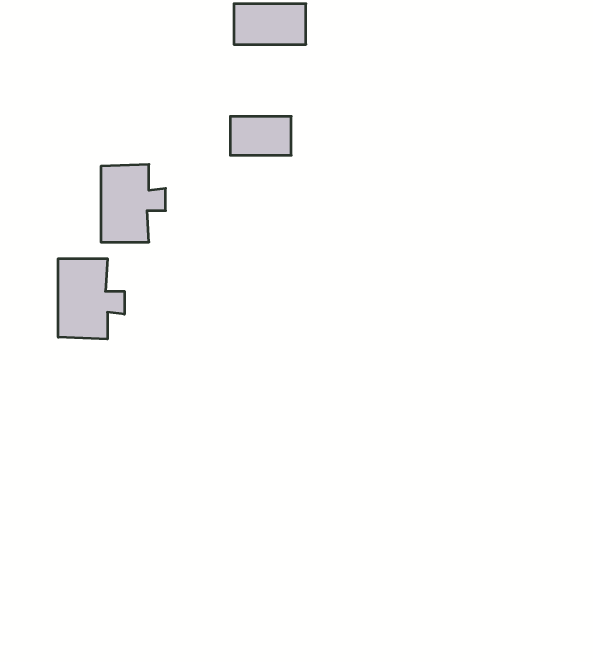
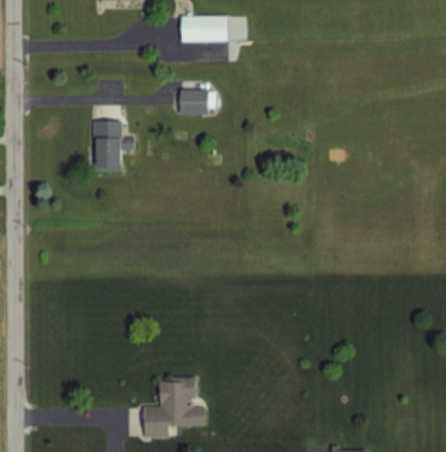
building: [58,259,124,339] -> none
building: none -> [143,378,204,437]

